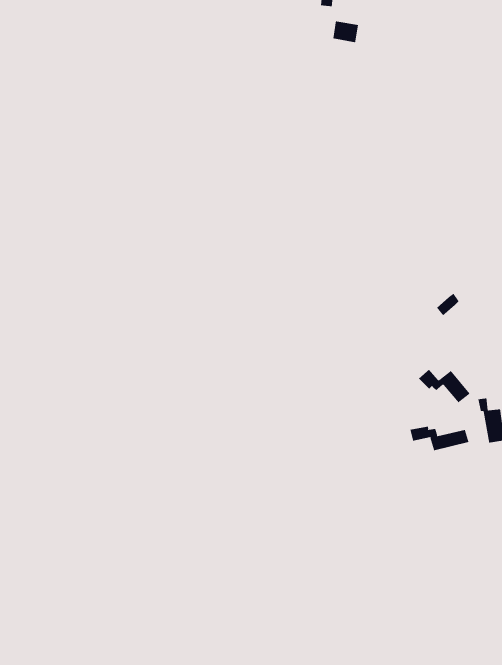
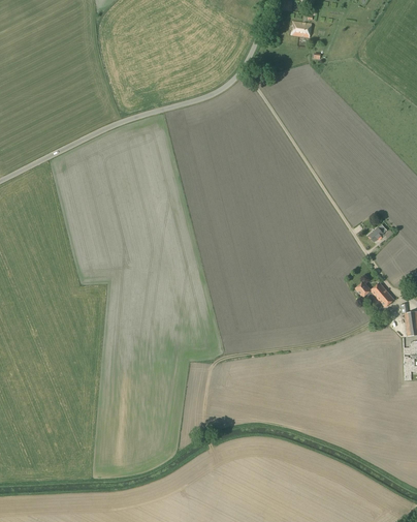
building: [410,426,469,451] -> none

